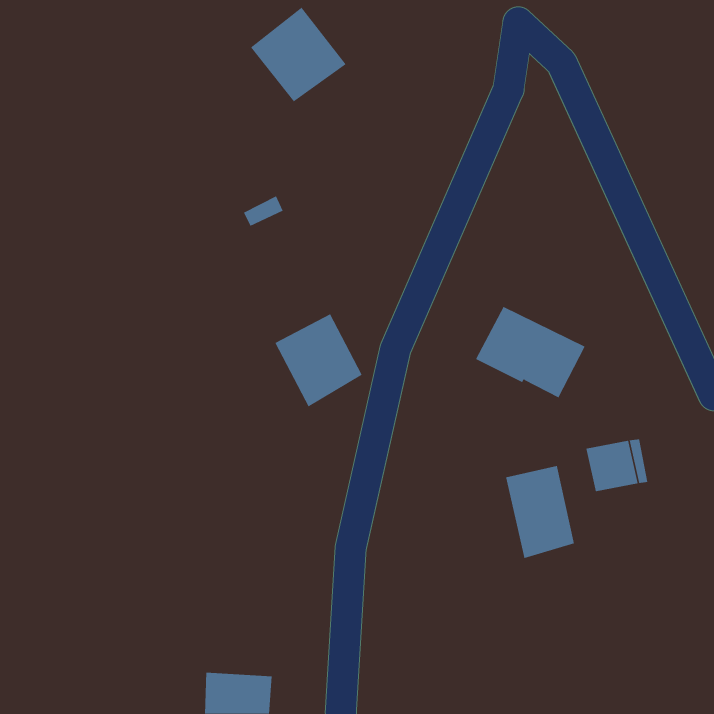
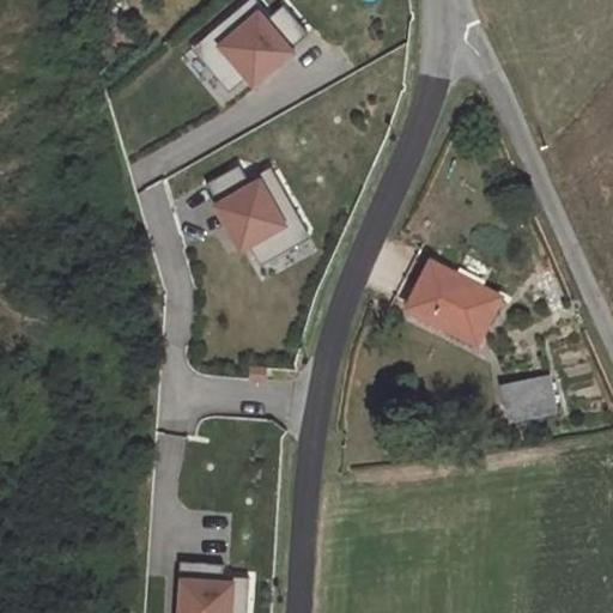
building: [275,313,363,407] -> [213,175,289,255]
building: [505,465,574,559] -> none

